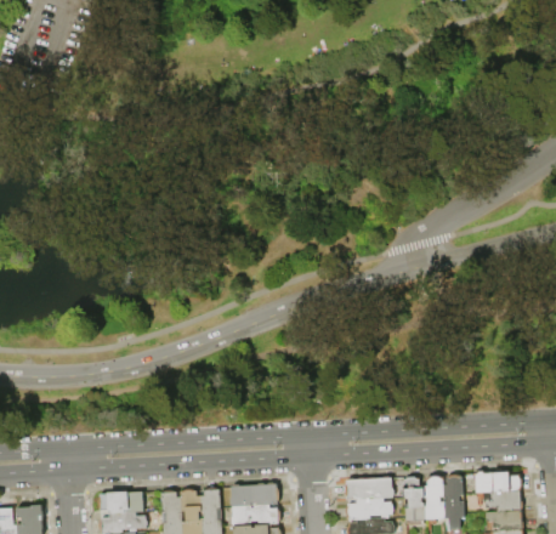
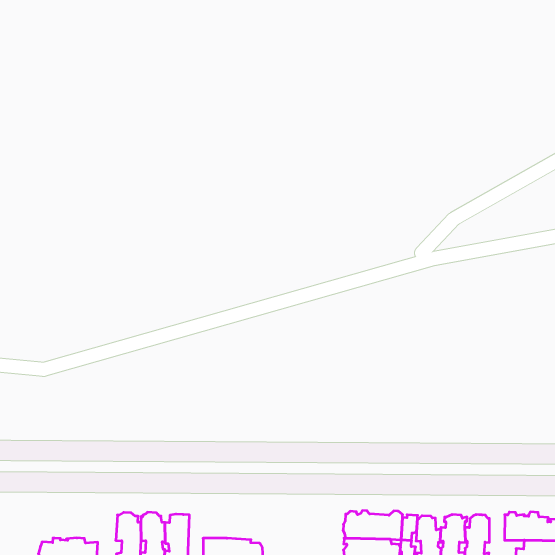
building: [231,483,278,507] -> none
building: [97,492,143,515] -> none

